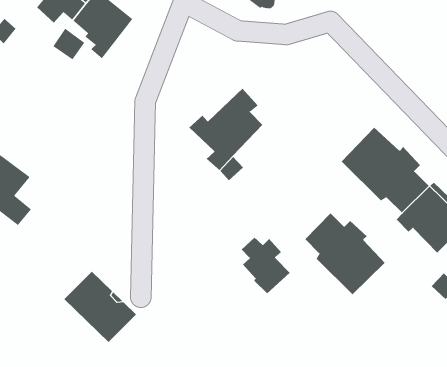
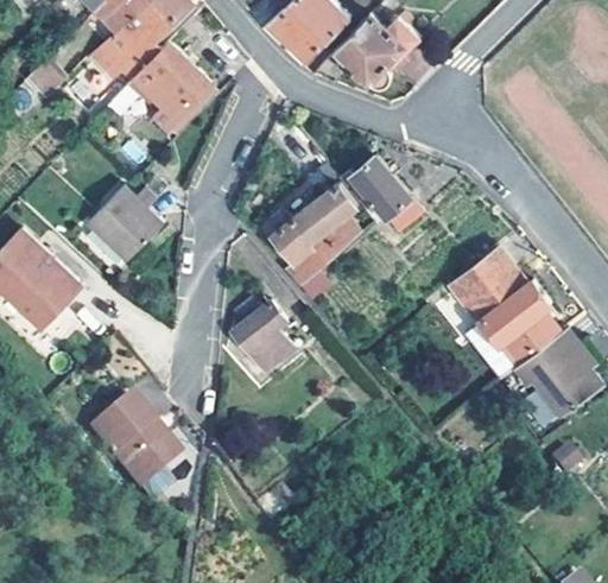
building: none -> [340,154,425,236]
building: none -> [86,183,164,262]
building: [305,213,385,295] -> none
building: [241,237,290,294] -> [235,298,294,372]

